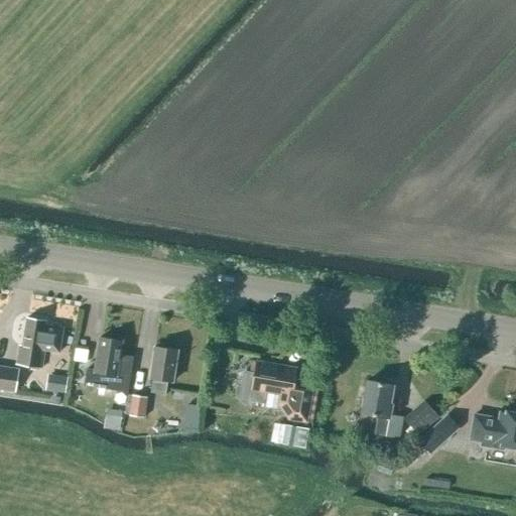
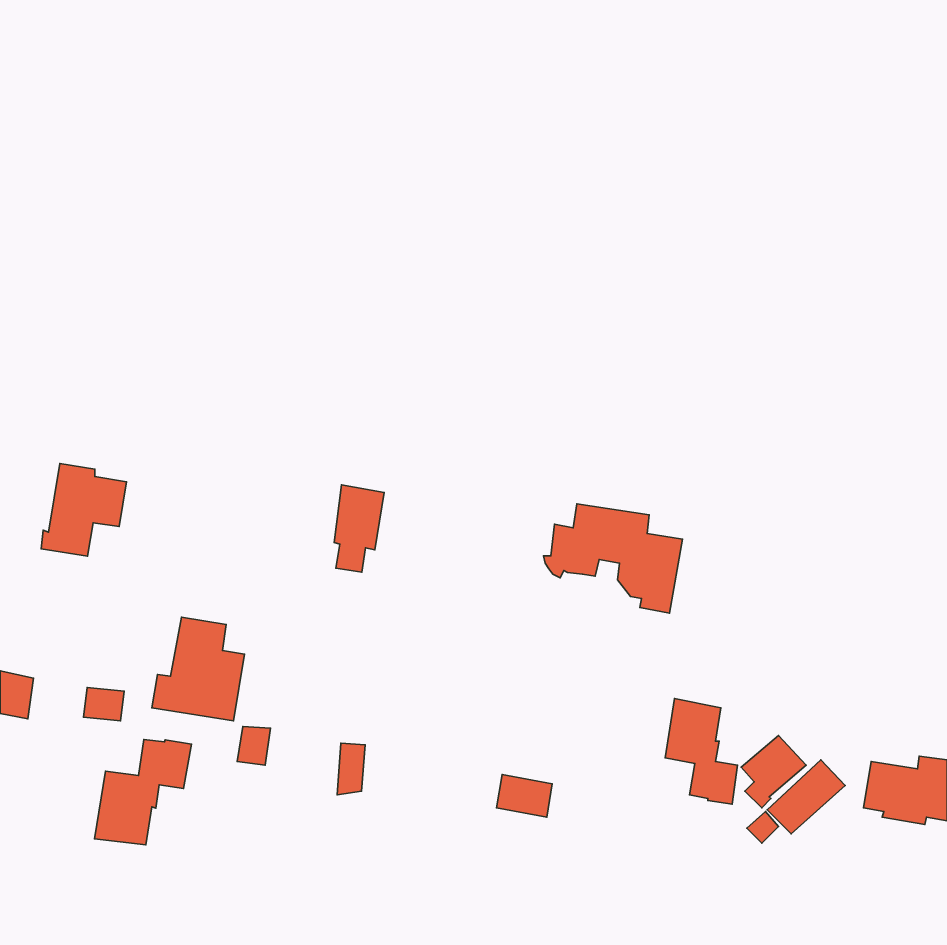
building: [16,317,62,368] -> [41,463,126,556]
building: [150,346,177,393] -> [334,485,384,572]
building: [238,363,313,422] -> [543,504,682,613]
building: none -> [94,739,192,845]

